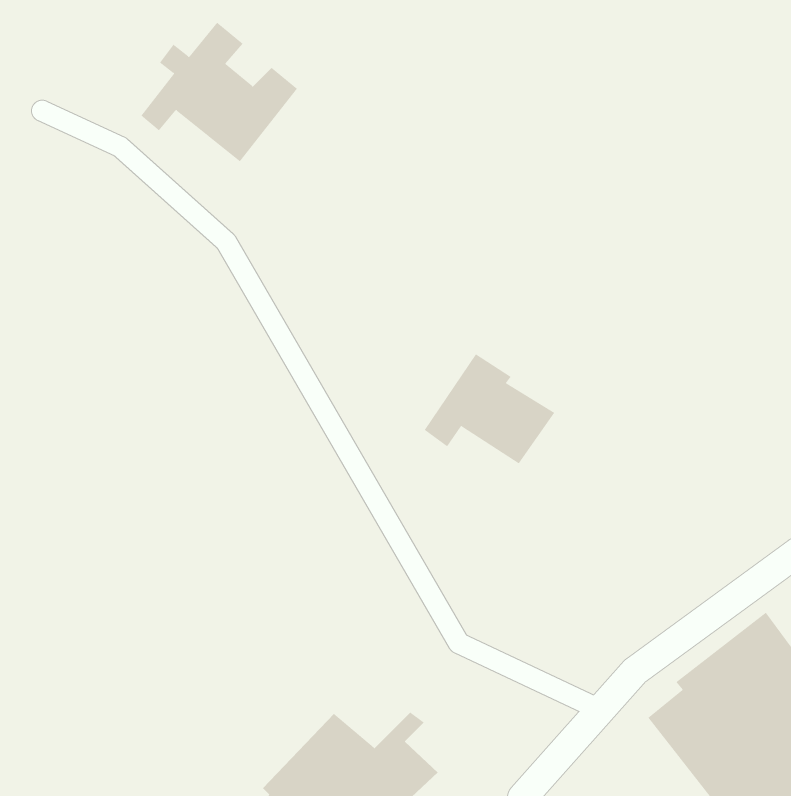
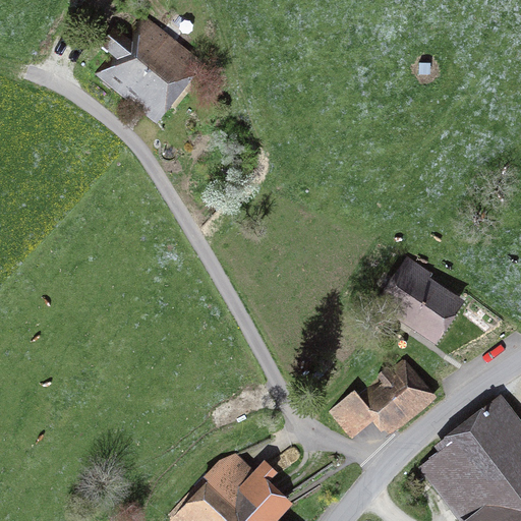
building: [424,353,555,464] -> [377,262,462,334]
building: none -> [337,363,426,432]

